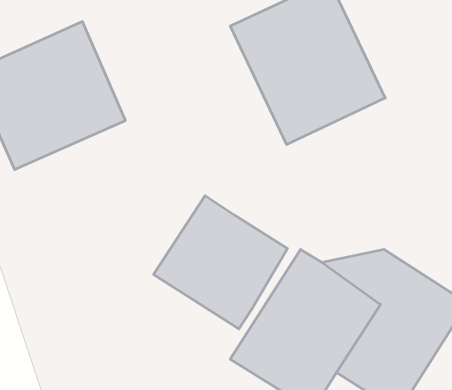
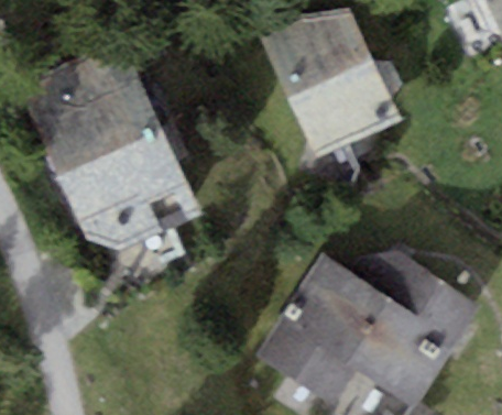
building: none -> [62,135,195,256]
building: [154,196,287,329] -> none

